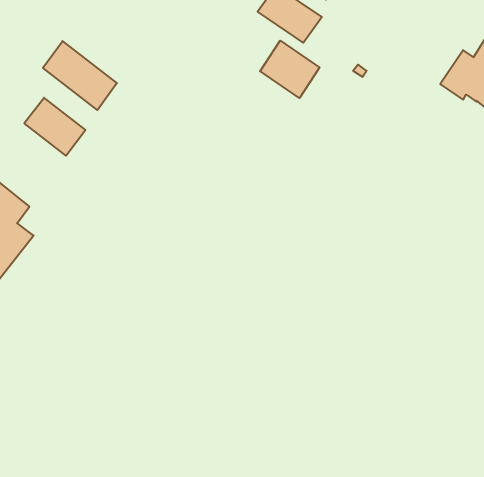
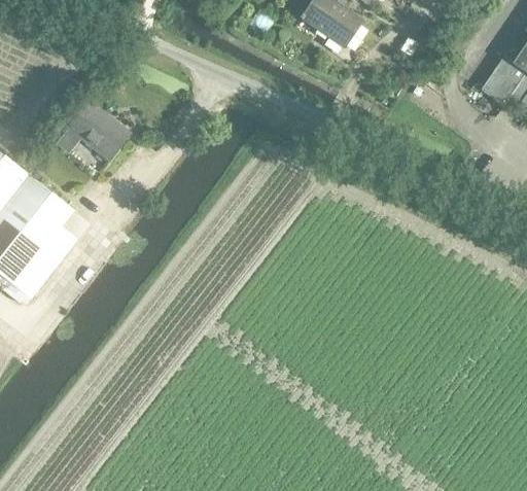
building: [260,41,320,98] -> none
building: [43,41,117,110] -> none

